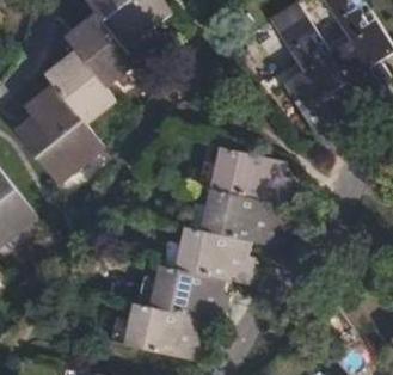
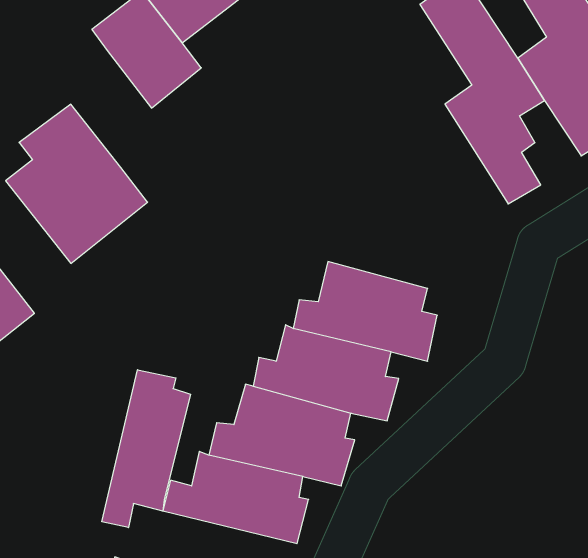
building: [47,50,113,123] -> none
building: [201,143,290,199] -> none
building: none -> [102,370,191,528]

